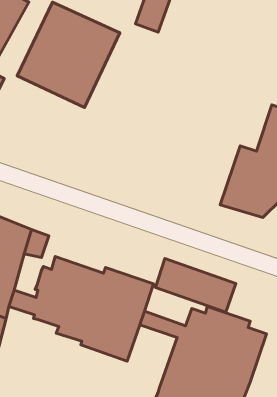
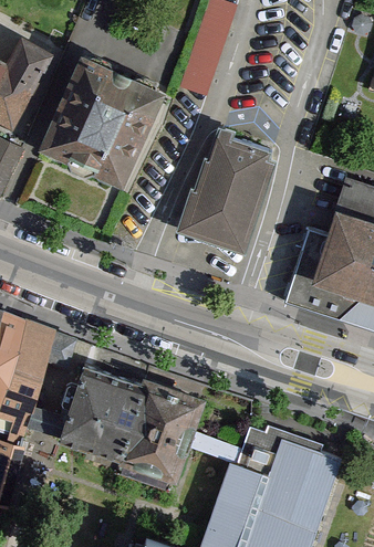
building: none -> [175,134,276,254]
building: [155,258,236,312] -> none

